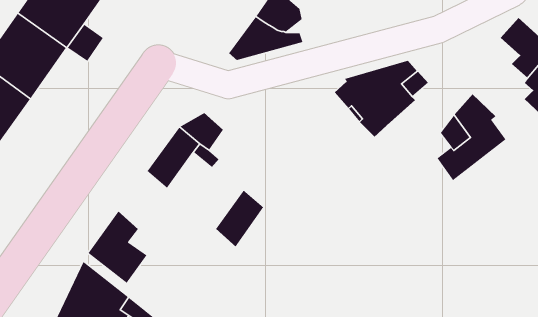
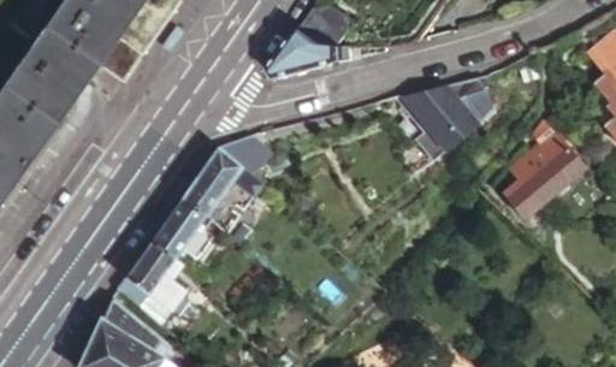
building: [215,190,264,247] -> [150,201,205,265]

